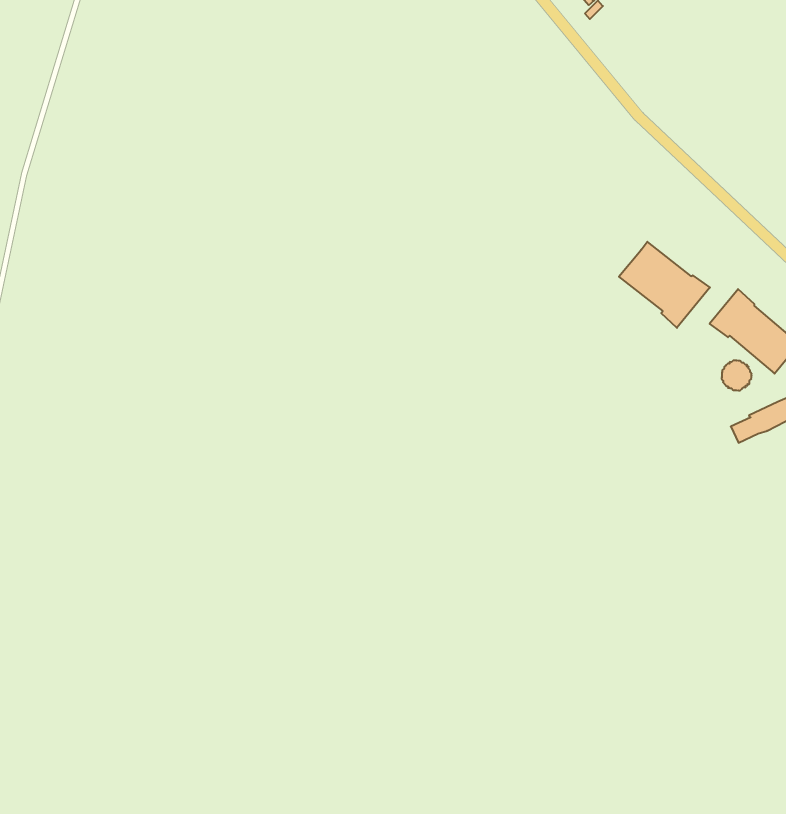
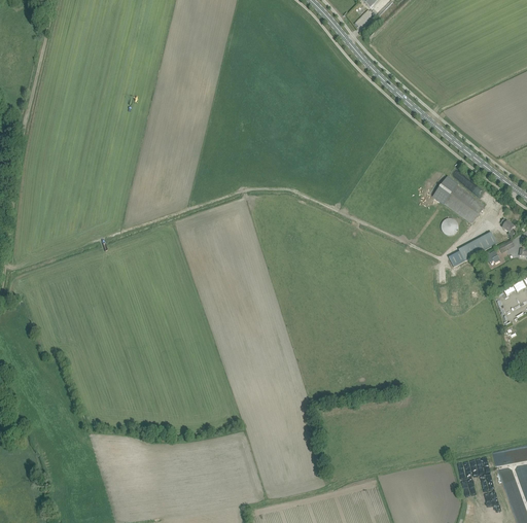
building: [619,242,710,328] -> none

